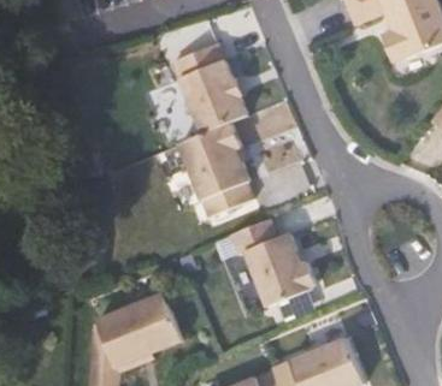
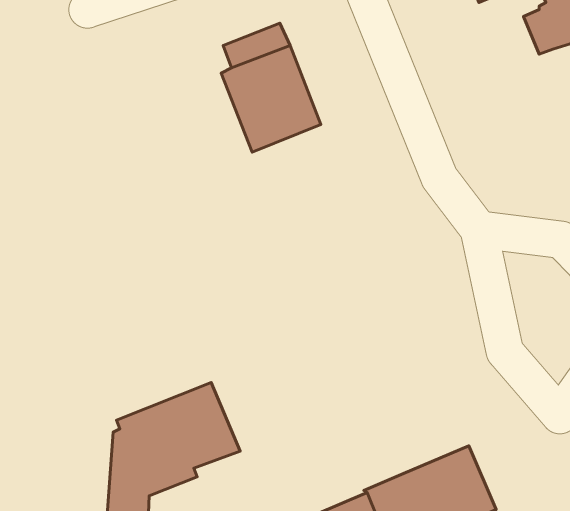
building: [181,121,255,216] -> none
building: [231,218,317,305] -> none

